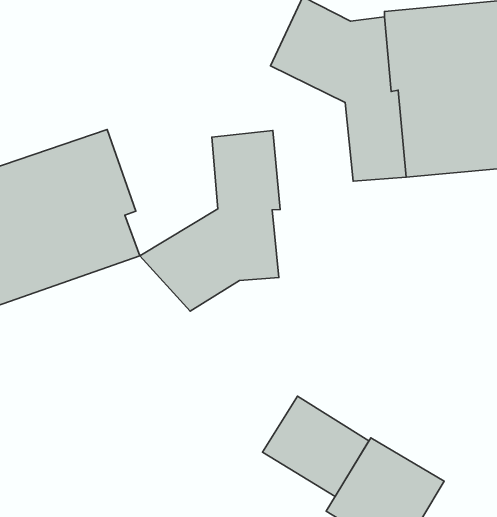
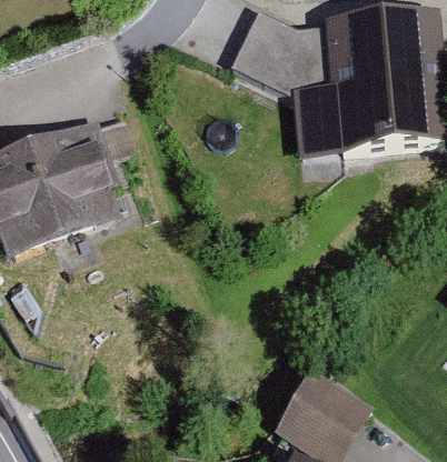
building: [140,131,280,311] -> none
building: [262,396,369,496] -> none

